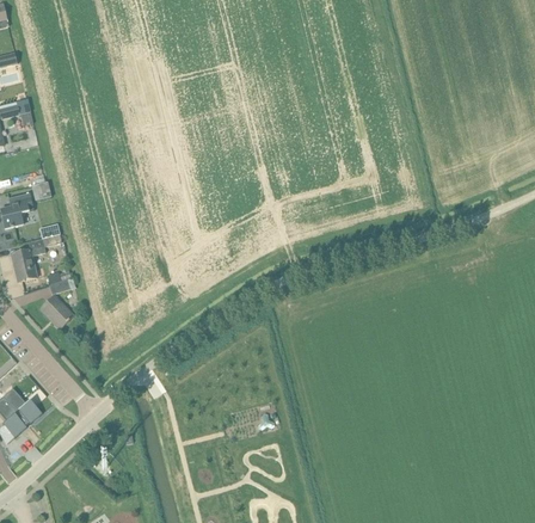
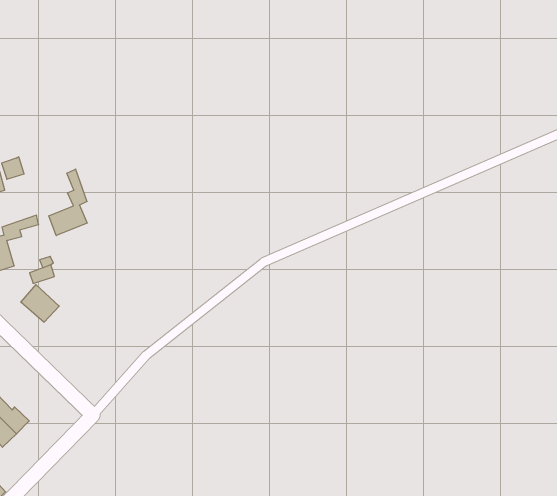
building: none -> [49,169,87,236]

